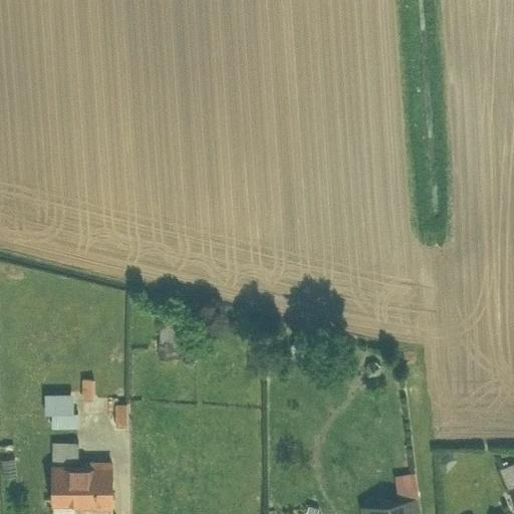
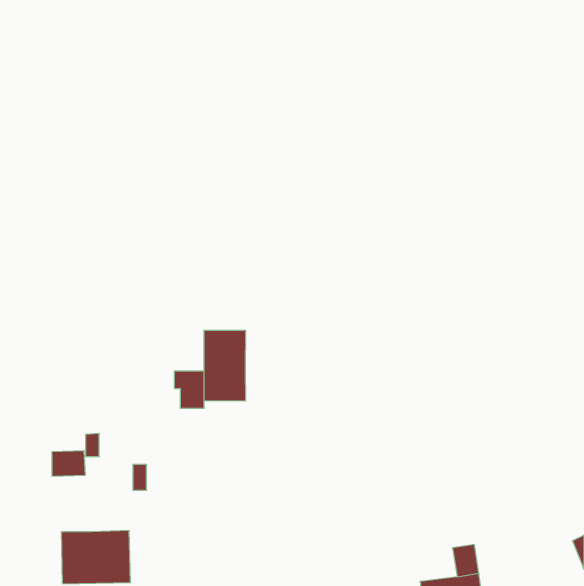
building: none -> [204,330,245,401]
building: [53,444,79,466] -> none

